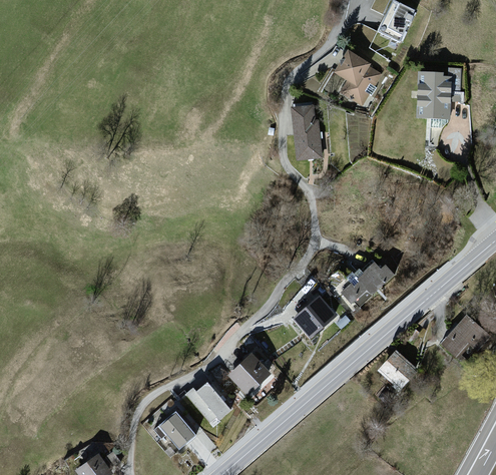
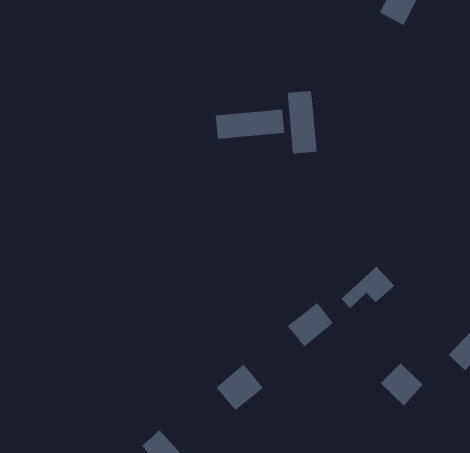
building: [332,48,381,107] -> none
building: [416,70,451,118] -> none
building: none -> [215,109,285,139]
building: [196,383,230,420] -> none

